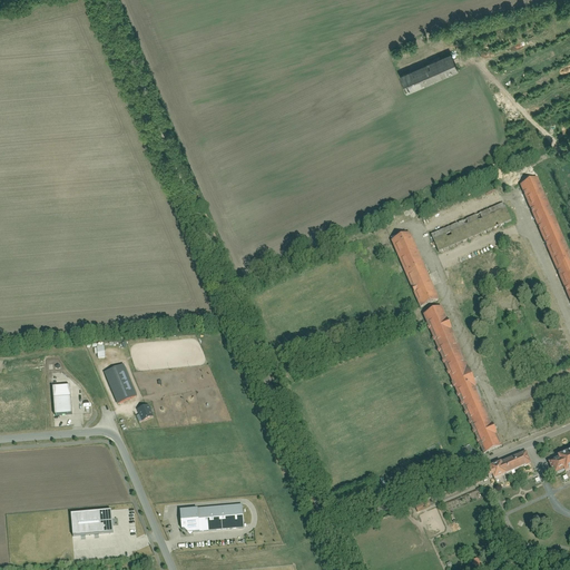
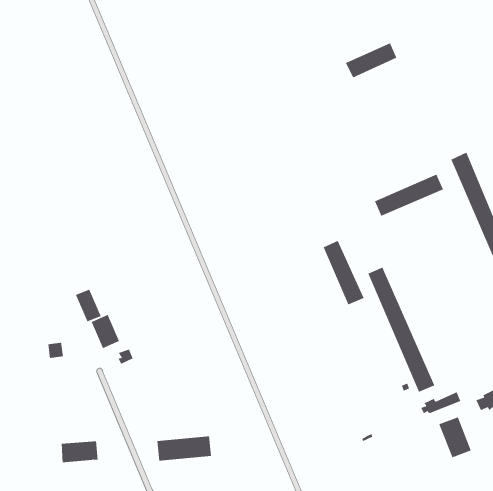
building: [392,232,440,306] -> [323,240,364,305]
building: none -> [75,289,101,322]
building: none -> [439,416,472,458]

